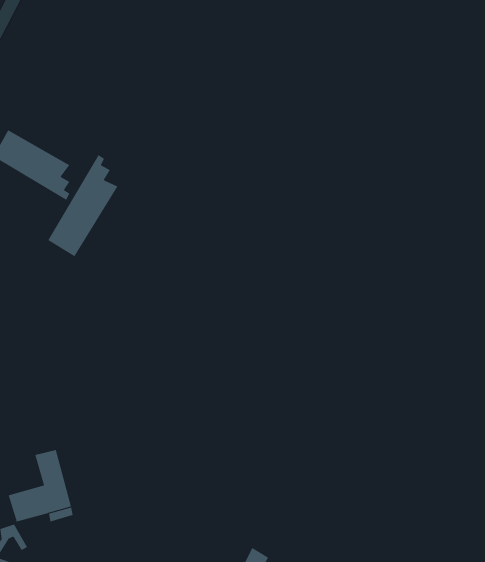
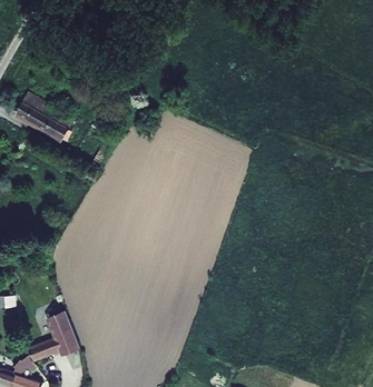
building: [48,154,118,257] -> none

